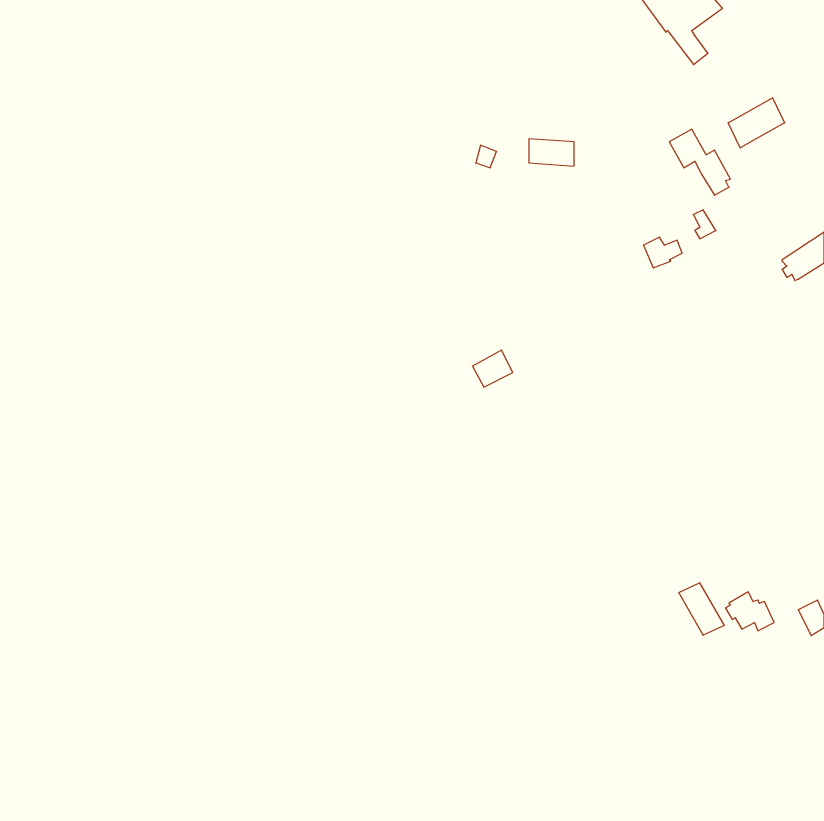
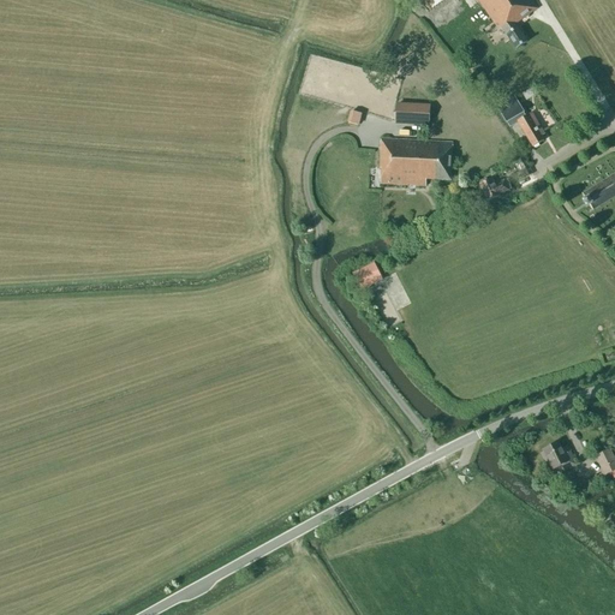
building: [728,98,785,148] -> none
building: none -> [380,137,453,184]
building: [679,583,724,635] -> none

